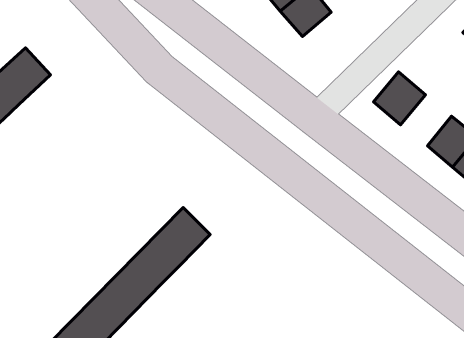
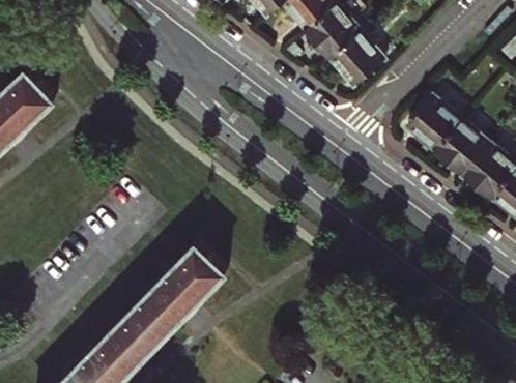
building: none -> [329,30,384,84]
building: none -> [435,119,490,174]

